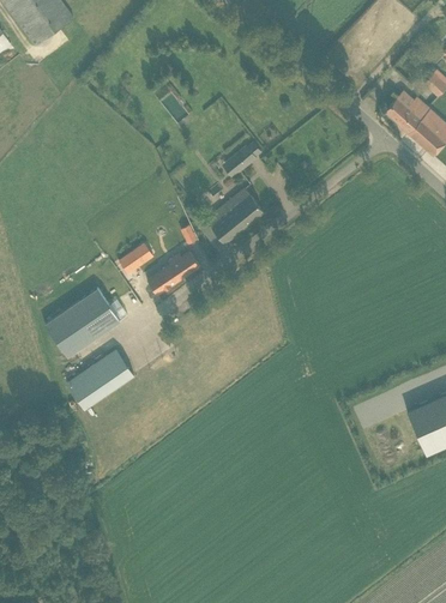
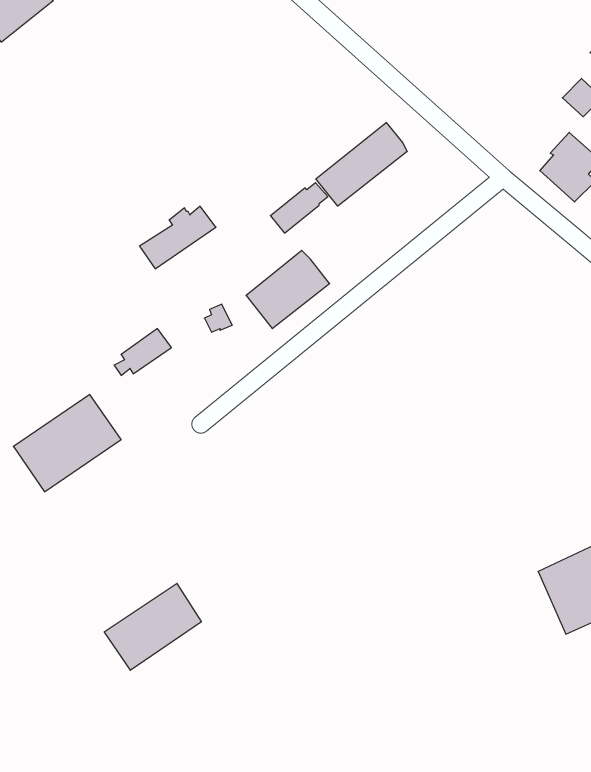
building: [384,97,428,134] -> none
building: none -> [316,123,407,206]
building: [146,252,199,295] -> [139,206,216,269]
building: [66,349,133,409] -> [104,583,201,670]

